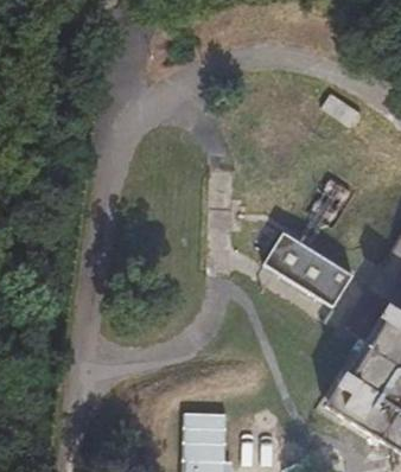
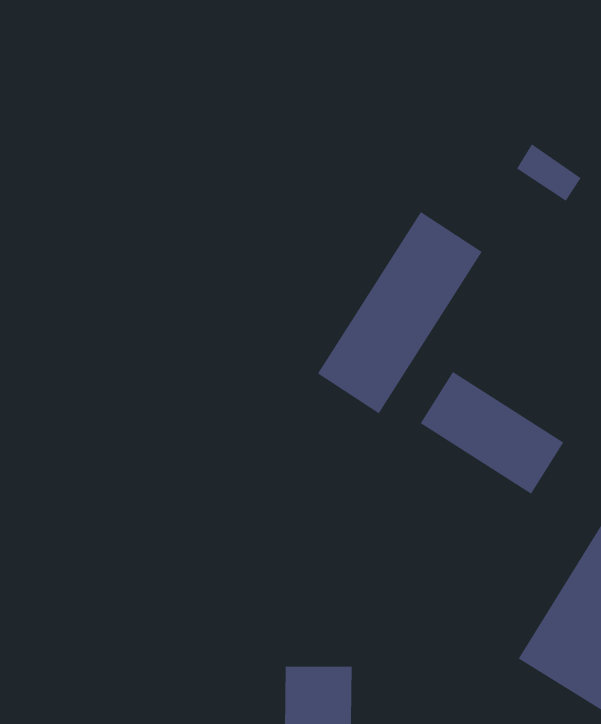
building: none -> [317,211,483,414]

